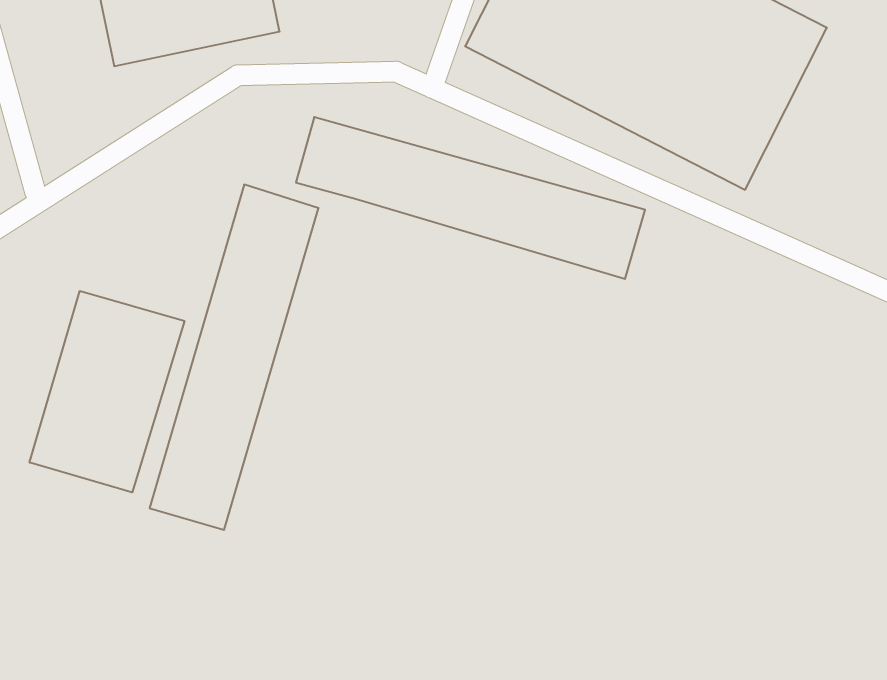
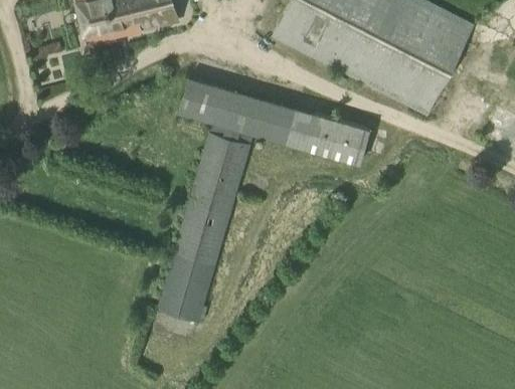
building: [150,185,319,530] -> [157,133,250,324]
building: [30,291,184,492] -> none

